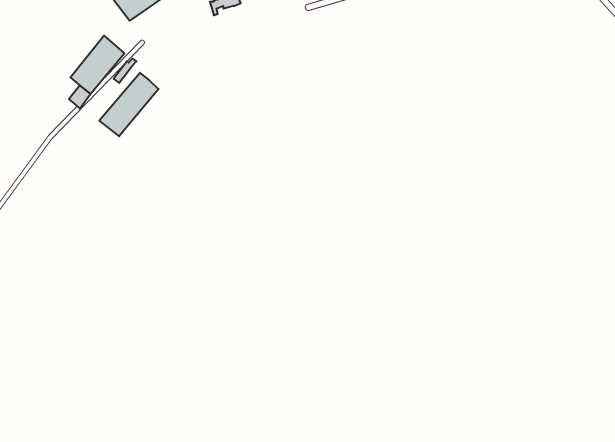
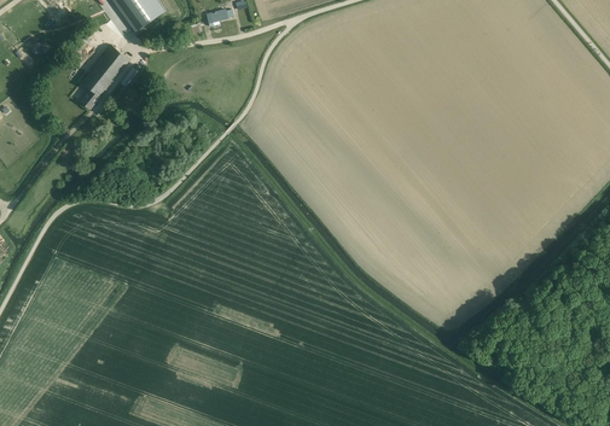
building: [99,73,159,136] -> none

